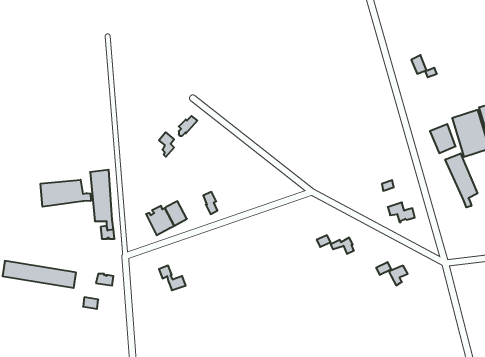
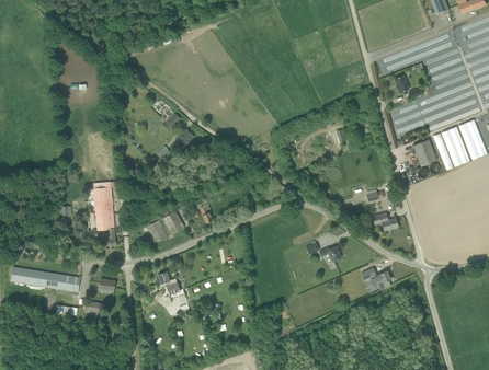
building: [445,153,477,207] -> none
building: [41,180,91,207] -> none

